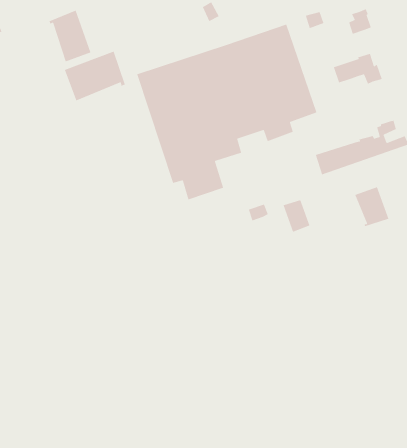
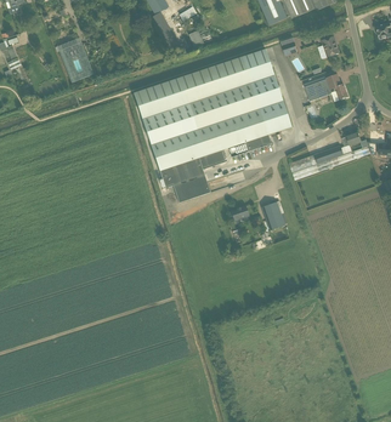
building: [64,50,126,102] -> none
building: [354,186,390,227] -> none

